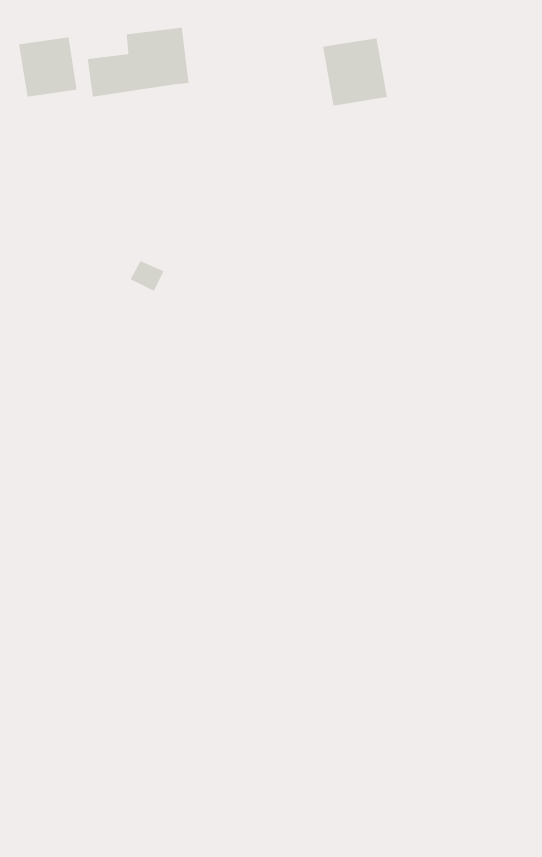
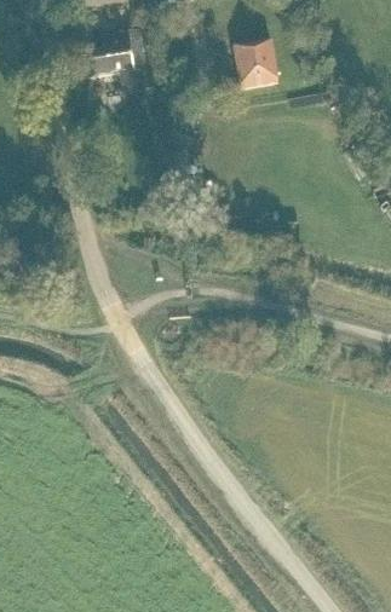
building: [18,36,78,97] -> none

